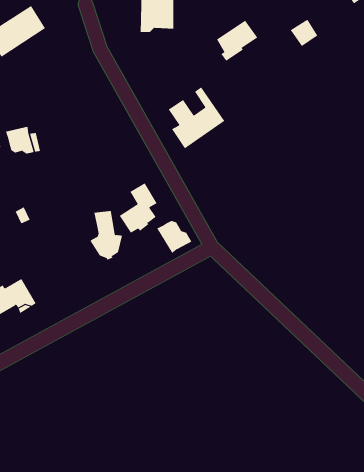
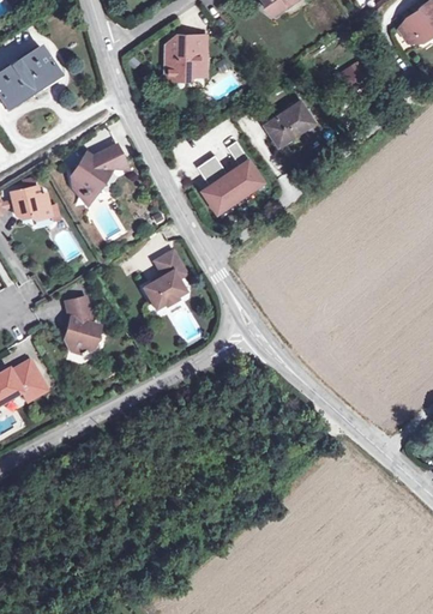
building: [216,20,258,61] -> [266,101,314,149]
building: none -> [68,146,124,197]
building: [89,211,123,261] -> [60,300,98,357]
building: [156,220,192,254] -> none

